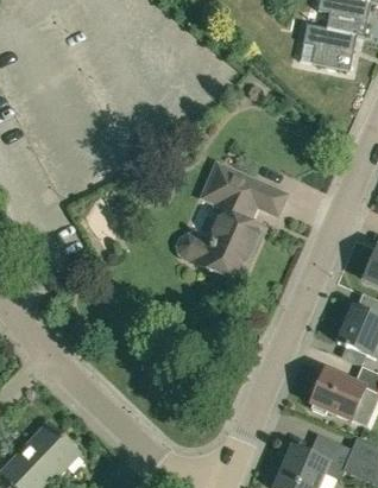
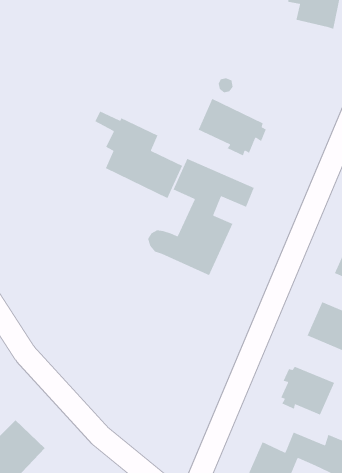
building: [303,23,357,69] -> none
building: none -> [197,98,267,156]
building: none -> [94,111,183,199]

